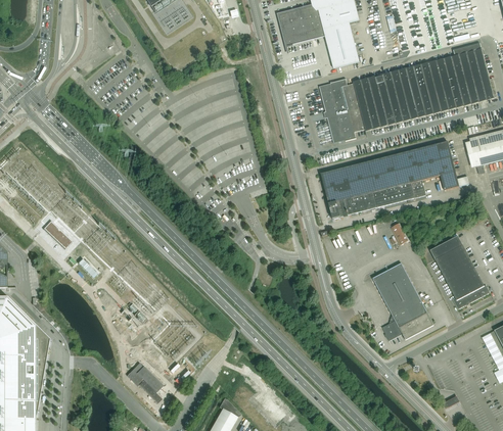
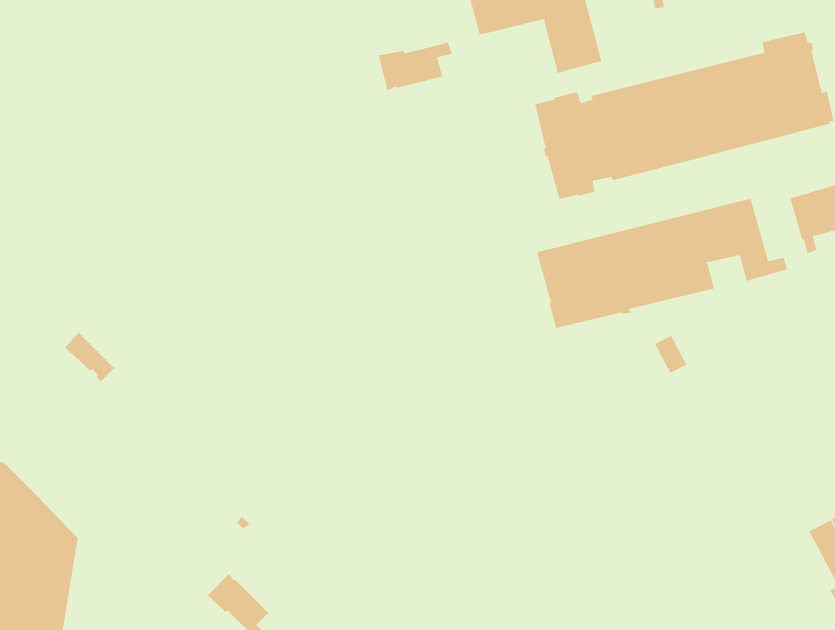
building: none -> [378,42,452,91]
building: [430,235,490,308] -> none
building: [373,262,430,340] -> none

